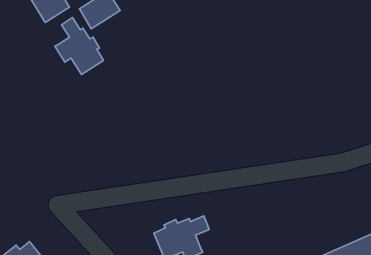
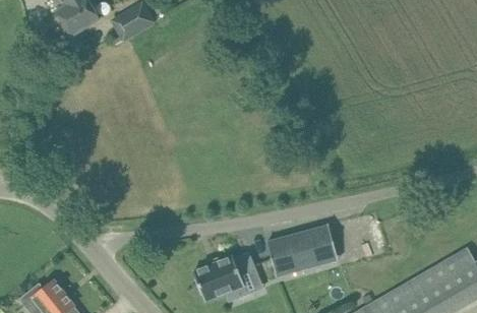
building: [55,17,103,75] -> none
building: none -> [266,225,336,276]

